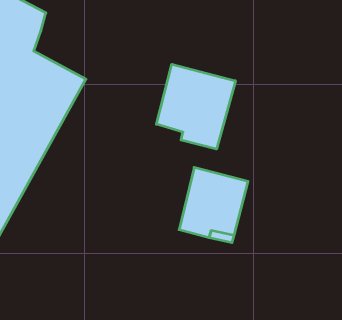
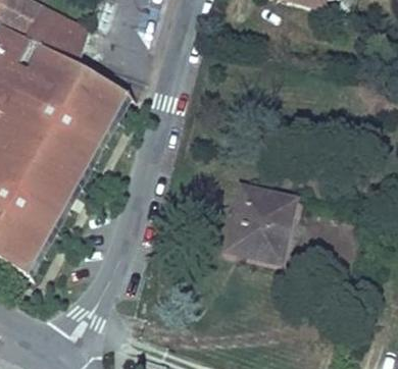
building: [156,64,235,149] -> none

